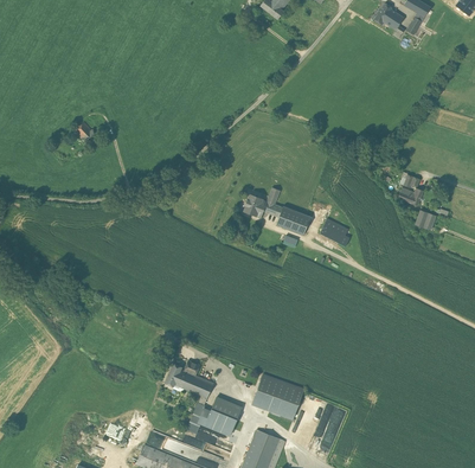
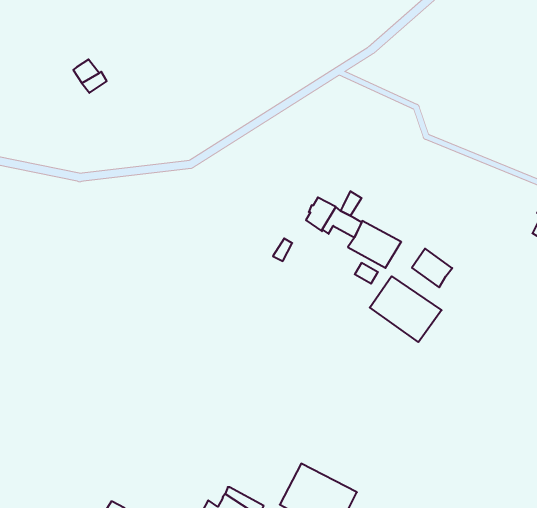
building: none -> [370,276,442,342]
building: [165,360,213,405] -> none

